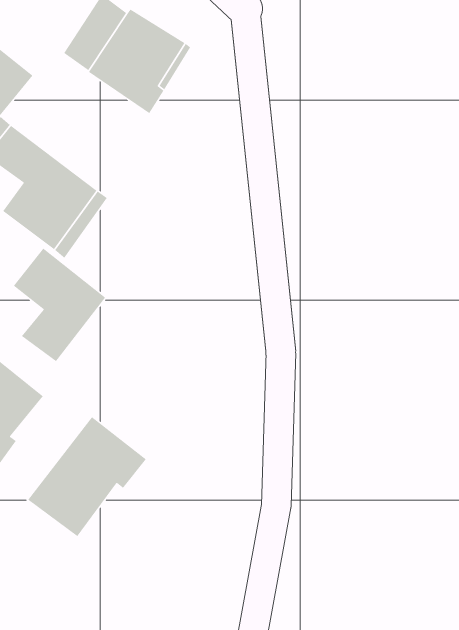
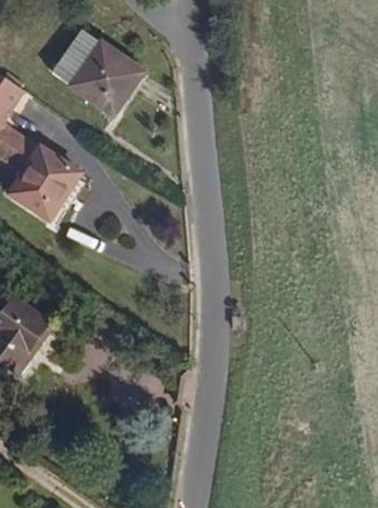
building: [13,248,106,362] -> none
building: [27,416,147,537] -> none

